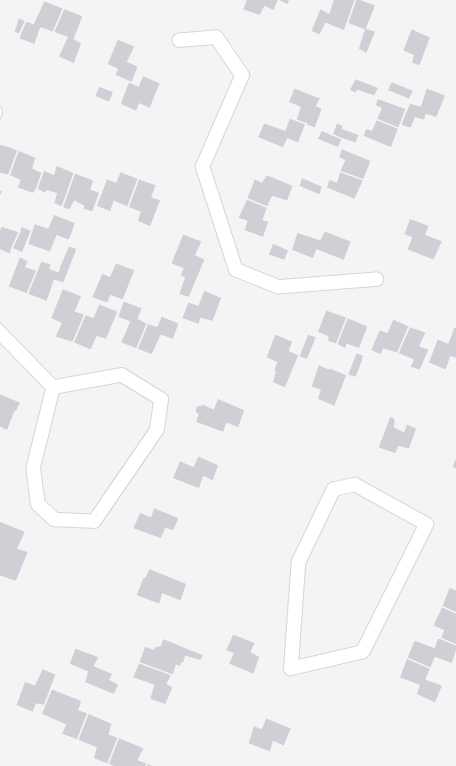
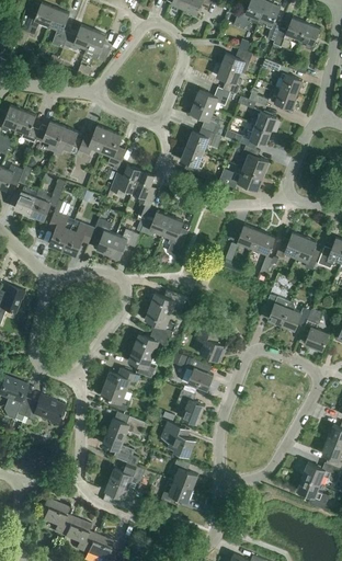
building: none -> [221,47,259,72]
building: [120,75,161,112] -> [65,24,94,50]
building: [400,87,446,129] -> [273,16,306,46]
building: none -> [191,101,225,135]
building: [27,214,76,253] -> none
building: [403,218,443,261] -> [241,145,270,175]
building: [91,262,135,303] -> [110,164,141,194]
building: [266,334,299,388] -> [163,216,187,255]
building: [311,364,347,407] -> [264,294,290,324]
building: none -> [145,306,175,337]
building: none -> [305,308,329,350]
building: none -> [196,325,226,360]
building: none -> [128,346,157,377]
building: none -> [184,356,214,389]
building: none -> [101,382,129,411]
building: none -> [178,389,204,423]
building: none -> [22,393,65,424]
building: none -> [162,421,195,455]
building: [69,648,119,695] -> [103,431,139,465]
building: [15,668,57,713] -> none
building: [248,718,292,753] -> [161,480,193,505]

